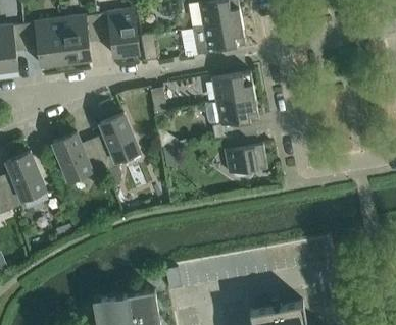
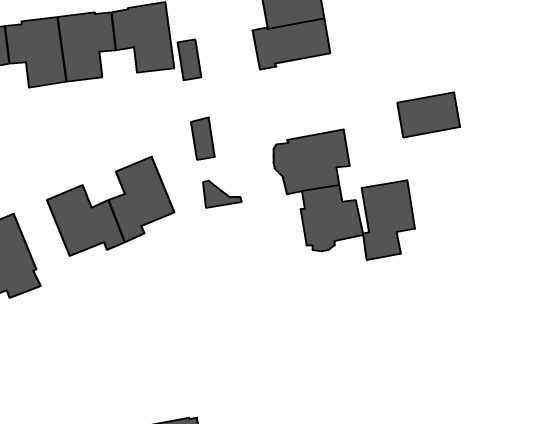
building: [211,72,254,103] -> [397,92,460,137]
building: none -> [362,180,415,260]

